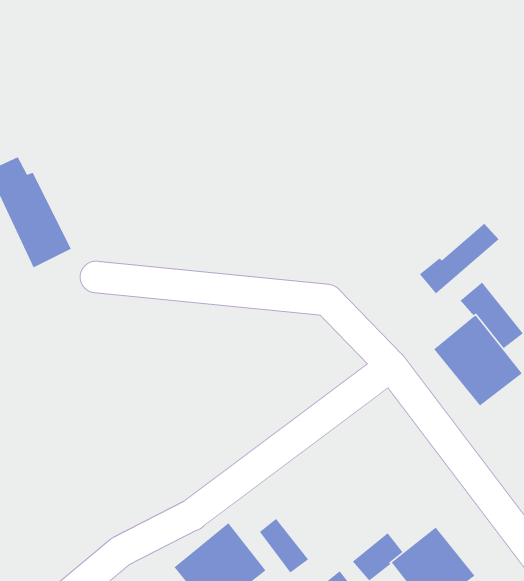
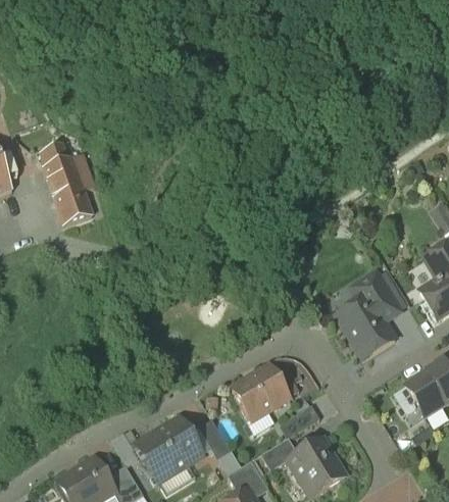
building: [419,223,500,295] -> none
building: none -> [232,365,288,419]
building: none -> [282,405,319,437]

